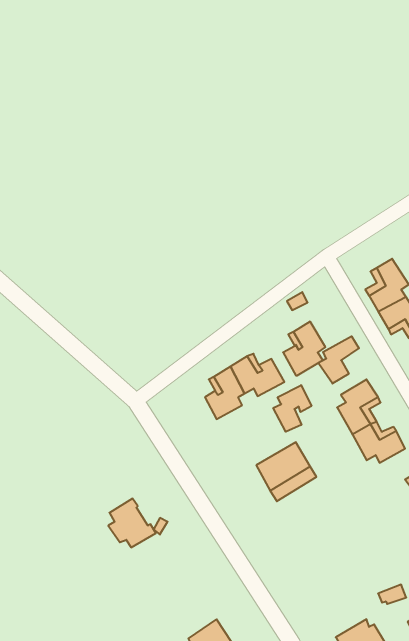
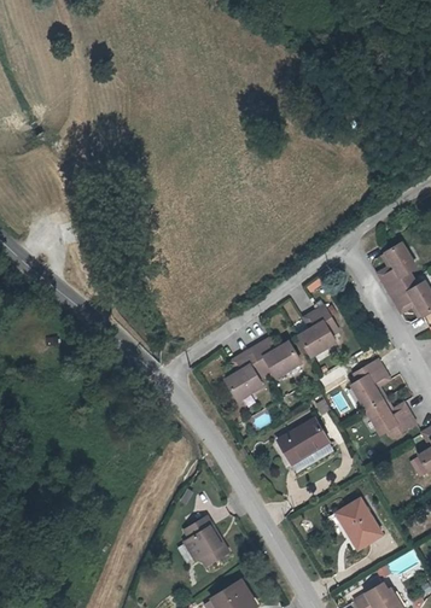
building: [318,336,359,384] -> none
building: [273,385,311,432] -> none
building: [108,499,156,547] -> [182,521,227,567]
building: none -> [336,498,382,549]

